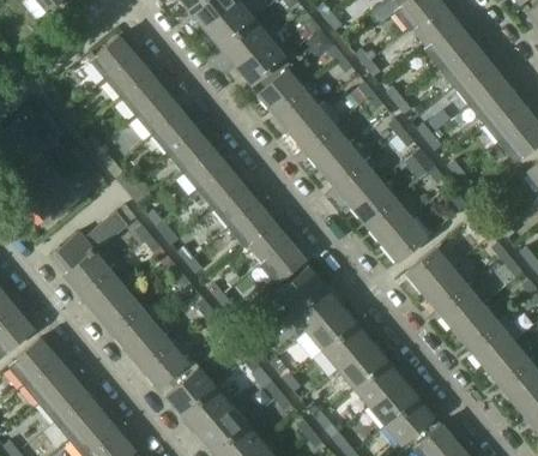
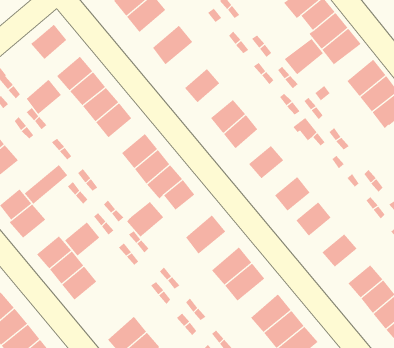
building: [220,19,268,65] -> none
building: [107,55,150,98] -> [26,79,62,115]
building: [453,60,501,104] -> [284,38,324,75]
building: [258,70,302,113] -> none
building: [290,107,333,149] -> none
building: [183,149,228,191] -> none
building: [336,162,379,204] -> none
building: [367,199,410,241] -> none
building: [259,240,304,283] -> [126,201,164,237]
building: [423,268,466,310] -> none
building: [81,270,125,312] -> [64,222,100,257]
building: [291,284,340,331] -> none
building: [454,305,497,347] -> none
building: [338,341,387,388] -> none
building: [143,344,186,386] -> none
building: [165,366,214,414] -> none

